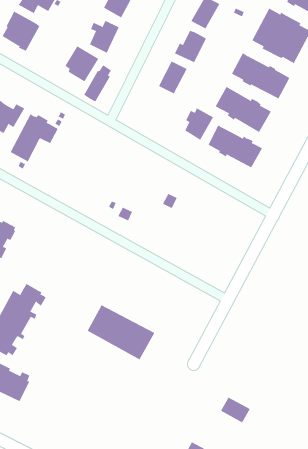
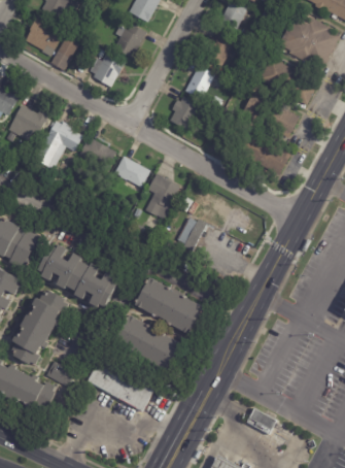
building: [84,64,112,102] -> [50,33,79,71]
building: [184,107,214,141] -> [169,97,199,131]
building: none -> [78,137,114,166]
building: none -> [114,157,149,188]
building: none -> [143,173,177,220]
building: none -> [177,218,206,250]
building: none -> [37,245,117,308]
building: none -> [132,275,201,333]
building: none -> [87,357,156,411]
building: none -> [45,361,73,387]

